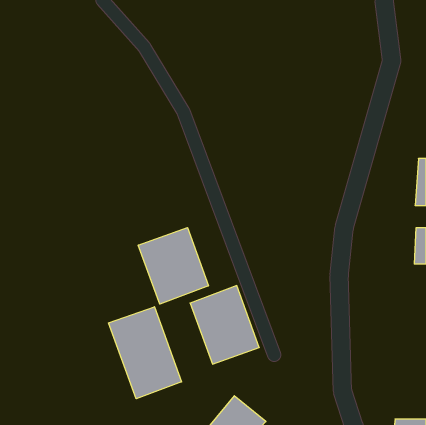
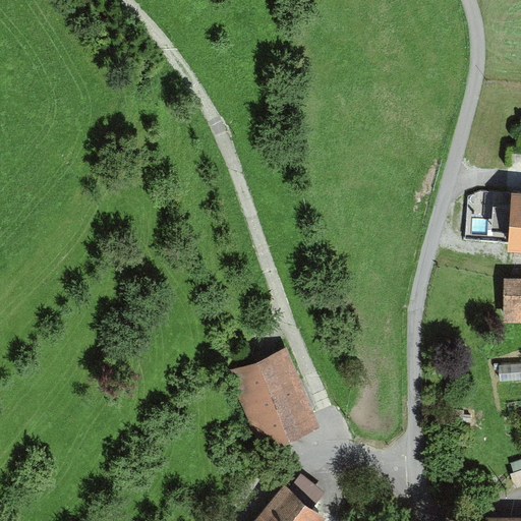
building: [138,228,208,304] -> none
building: [109,307,182,399] -> none

